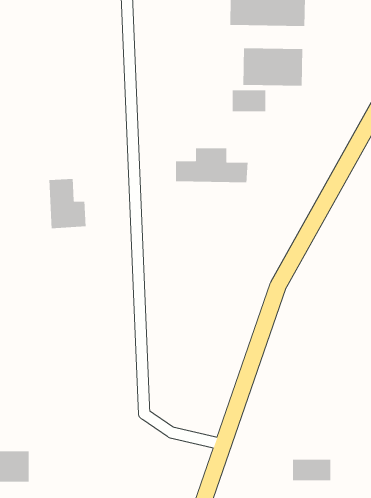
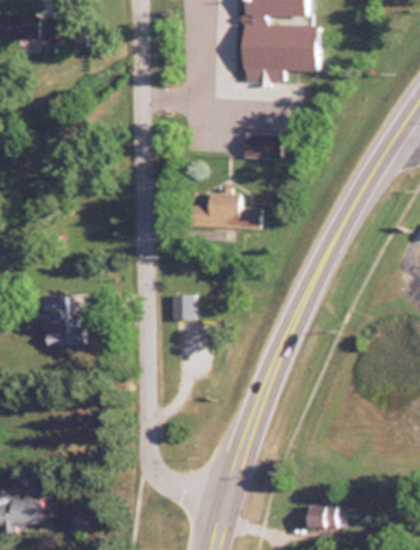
building: [242,47,303,87] -> none
building: [49,178,86,229] -> [44,296,82,347]
building: none -> [171,295,195,321]

